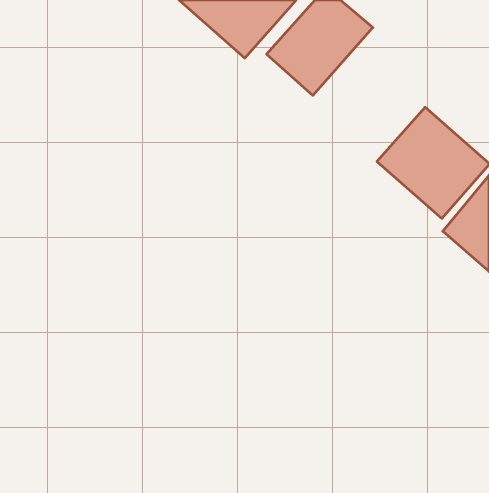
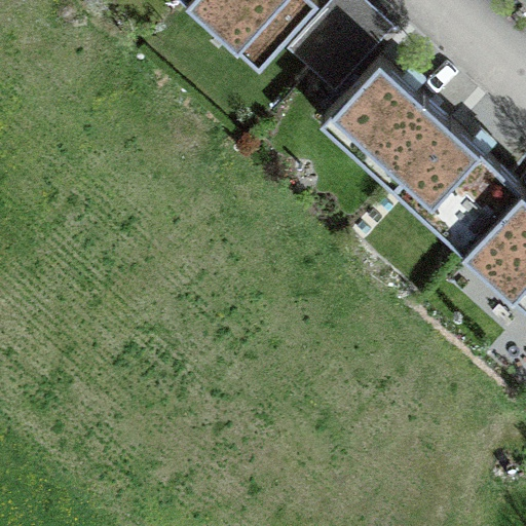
building: none -> [326,64,444,179]

